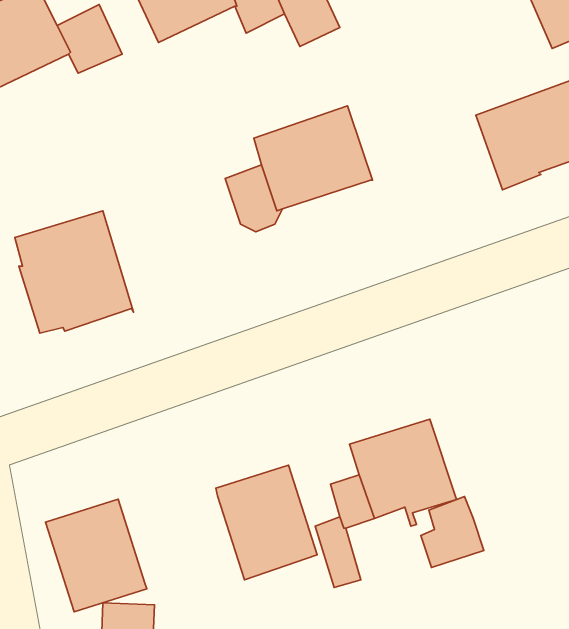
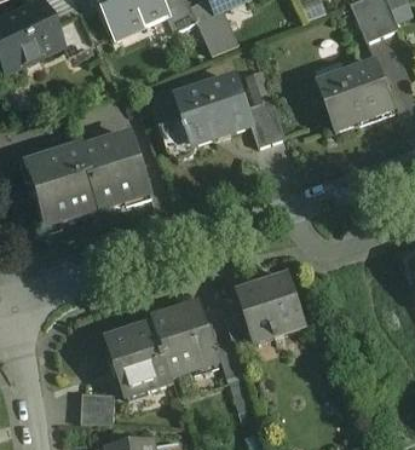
building: none -> [247,98,286,145]
building: none -> [82,133,149,208]
building: [421,496,484,568] -> none
building: [45,499,147,612] -> [109,324,173,396]

